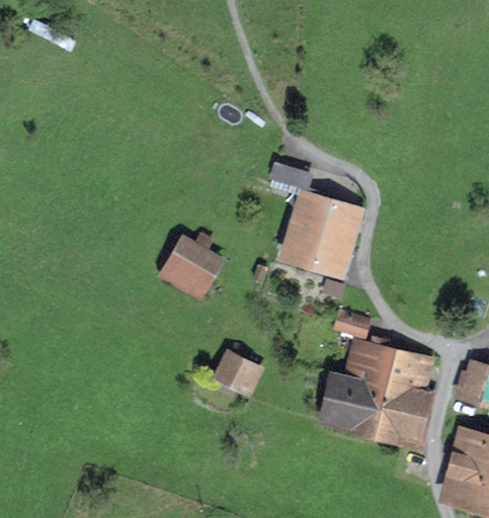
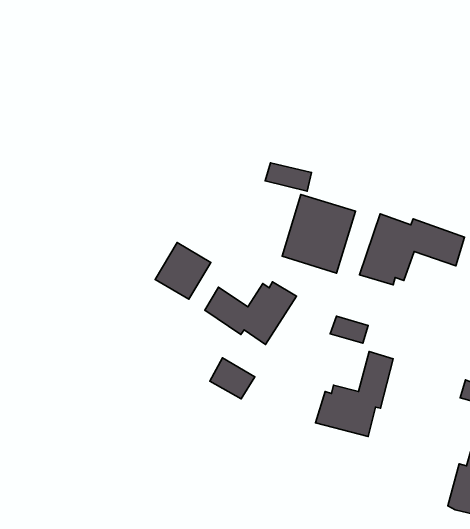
building: none -> [359,214,464,285]
building: none -> [205,282,297,344]
building: [369,351,433,440] -> none

